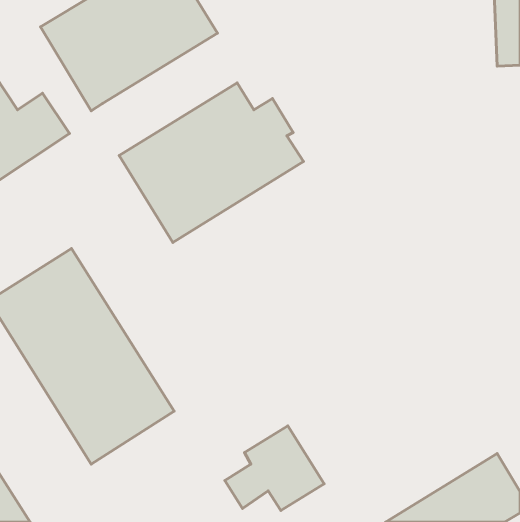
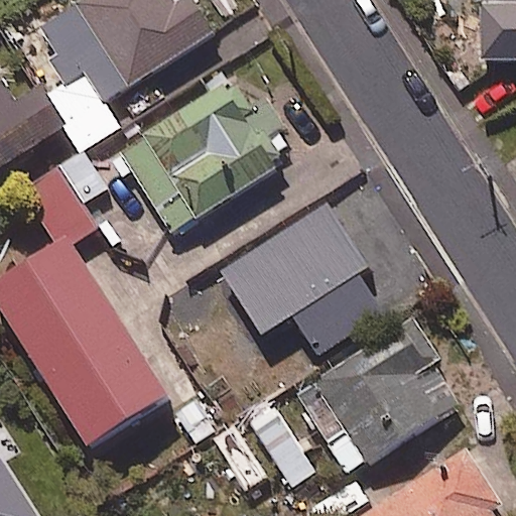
building: none -> [28,151,104,243]
building: none -> [207,198,398,377]
building: none -> [293,315,457,476]

